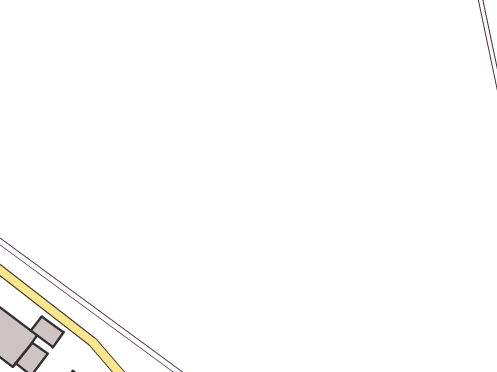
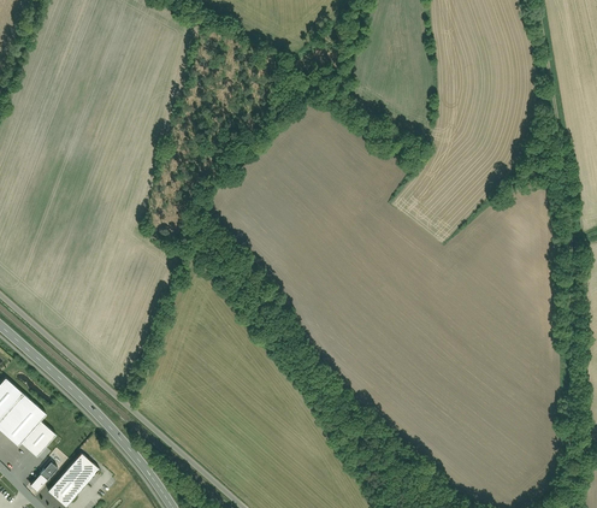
building: [31,317,64,347] -> none

